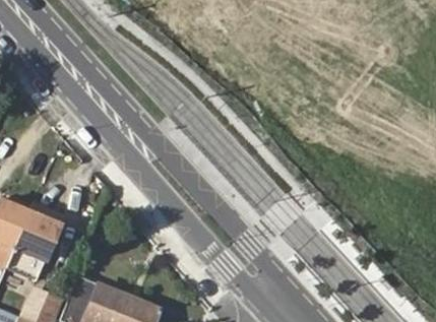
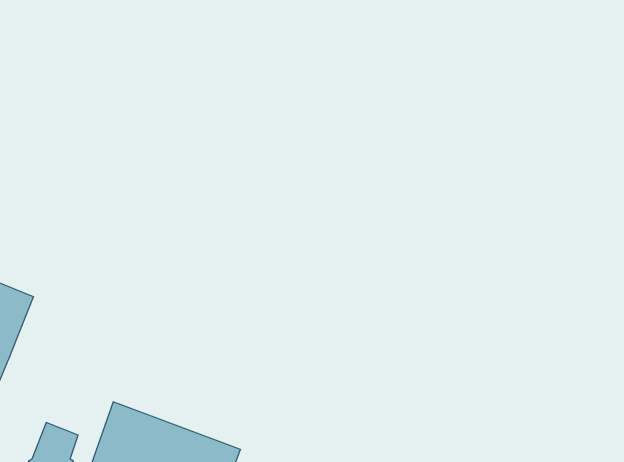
building: [11,211,59,261] -> none

